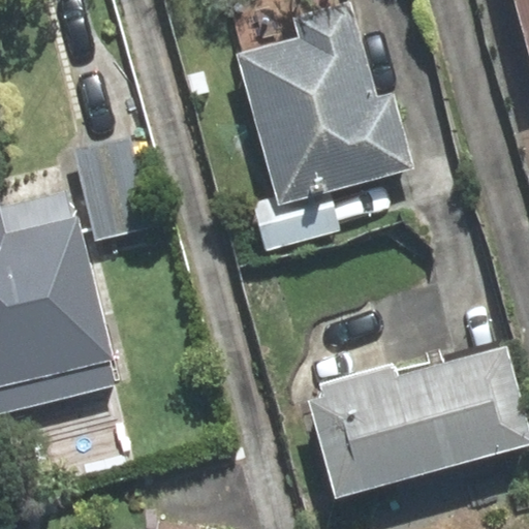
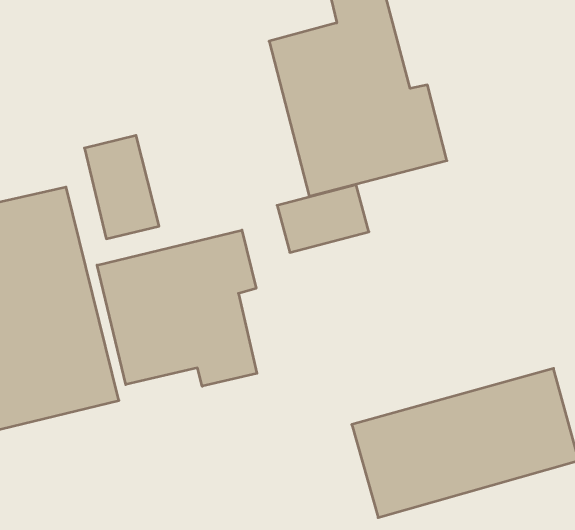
building: none -> [97,230,257,386]

